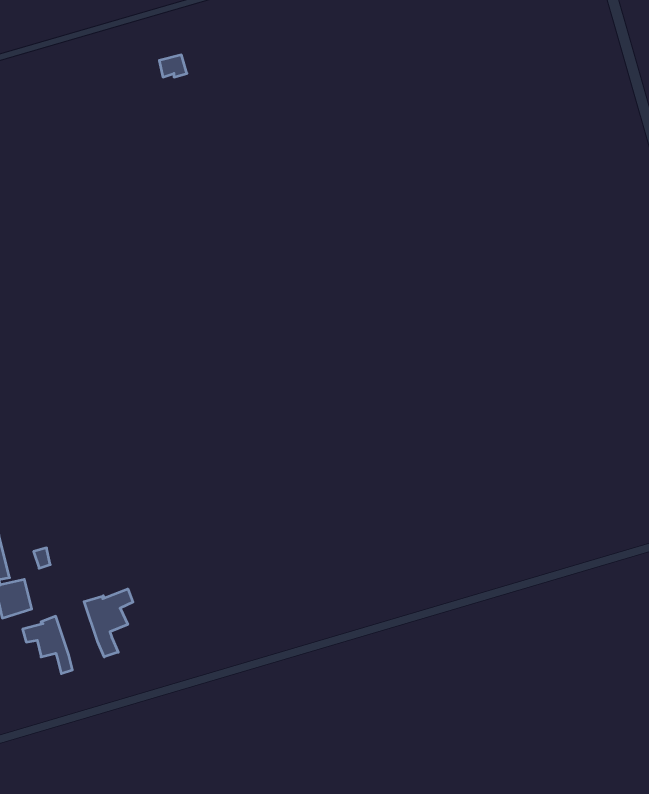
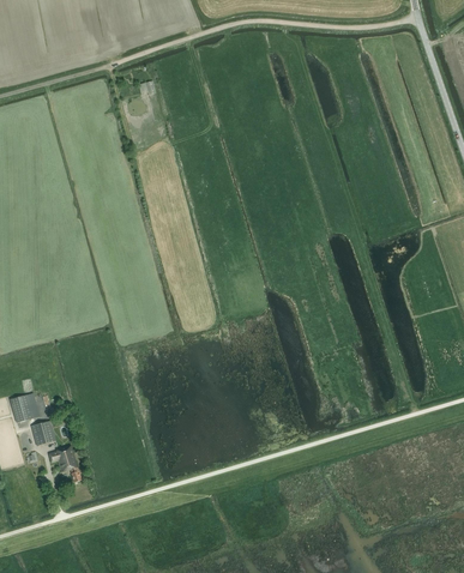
building: [84,589,133,657] -> none

